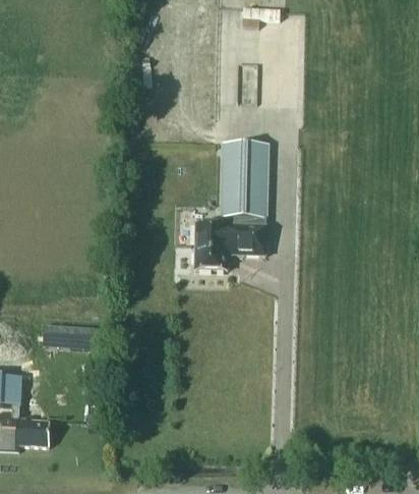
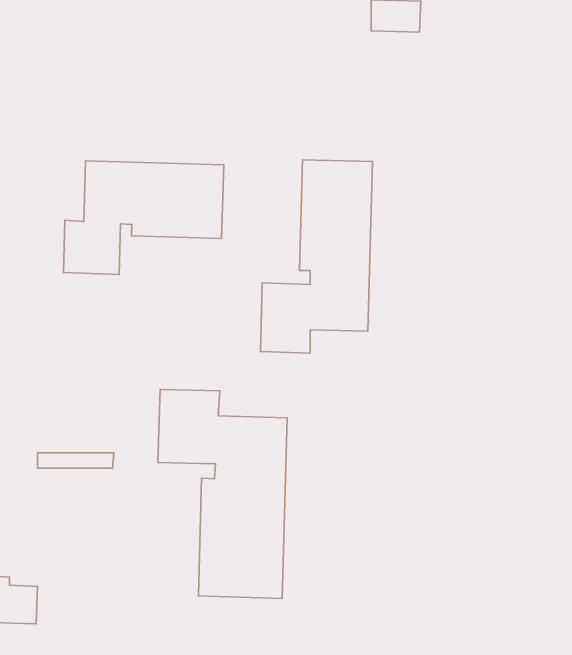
building: none -> [63,161,224,274]
building: none -> [158,390,287,599]

